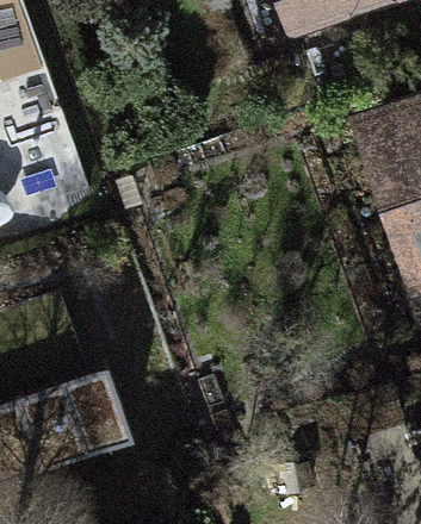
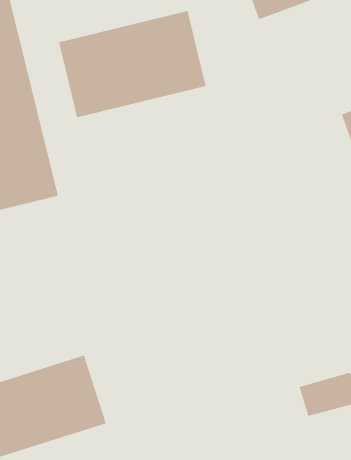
building: none -> [58,10,206,118]

